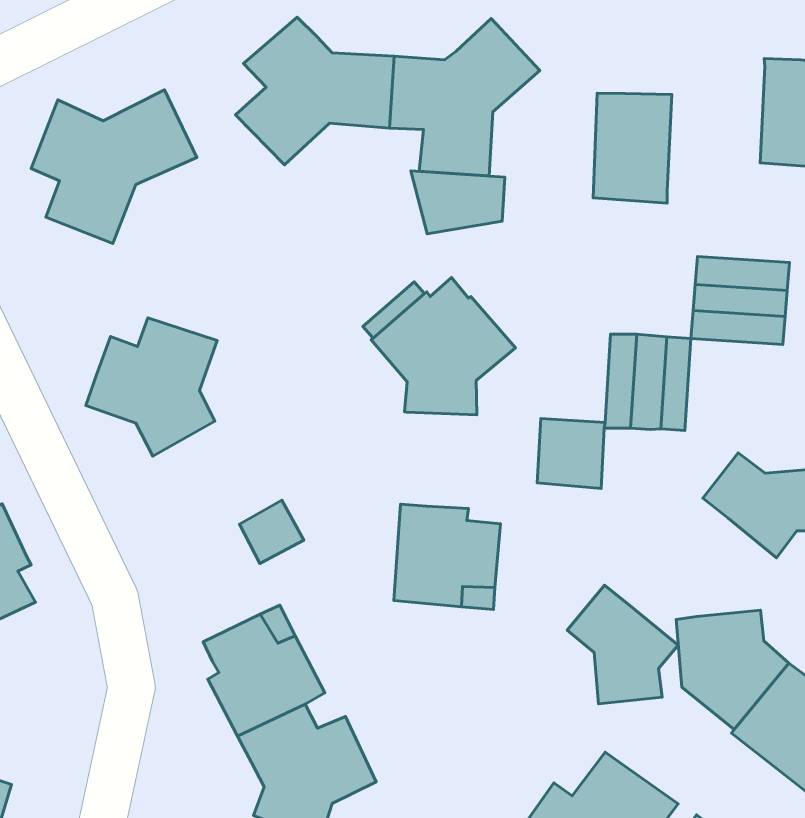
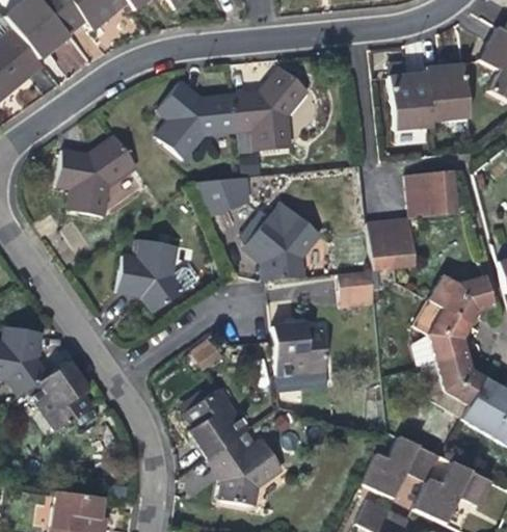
building: [593,93,672,203] -> [388,73,432,132]
building: [411,171,505,234] -> [197,177,248,212]
building: [567,585,678,704] -> [412,299,471,361]

